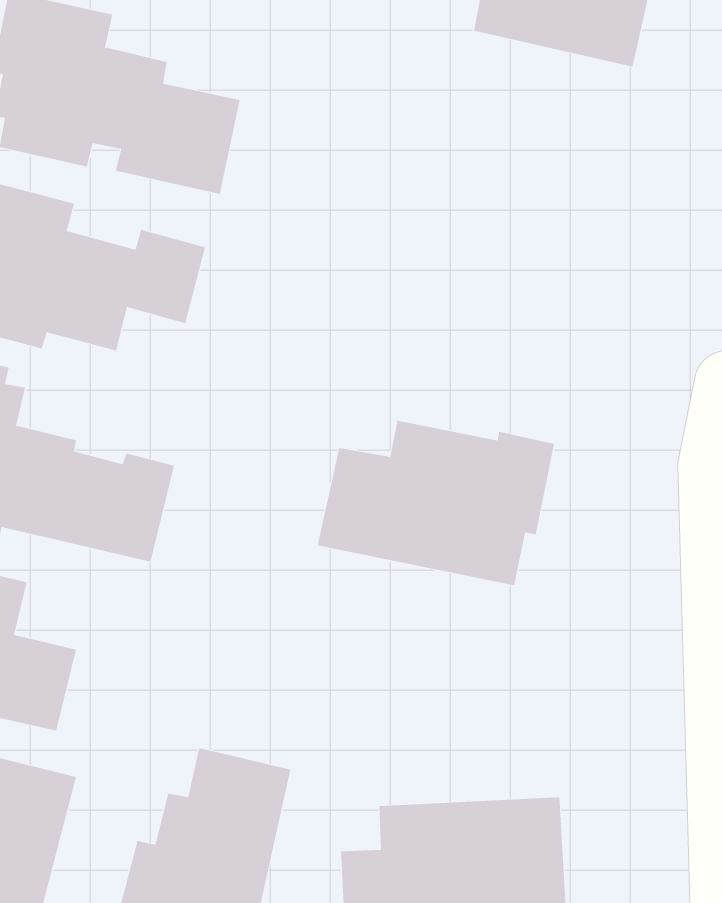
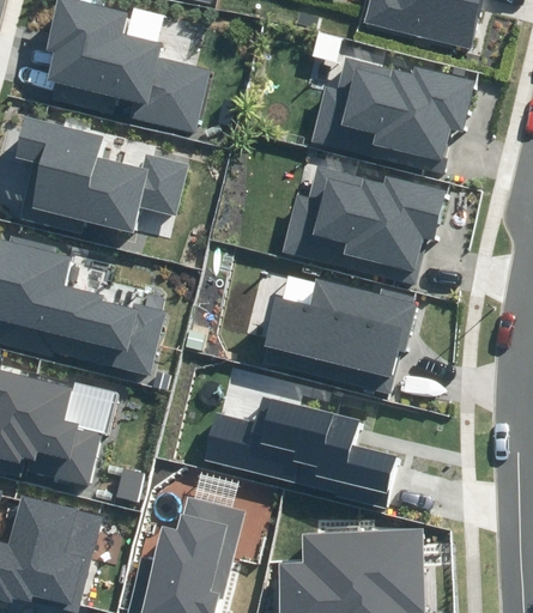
building: none -> [311,57,476,172]
building: none -> [284,165,446,283]
building: none -> [204,395,398,505]

